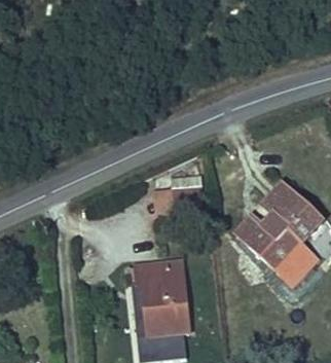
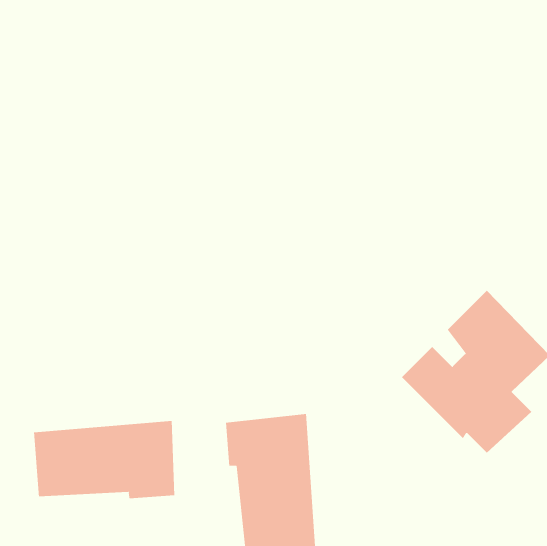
building: none -> [34,420,175,499]

